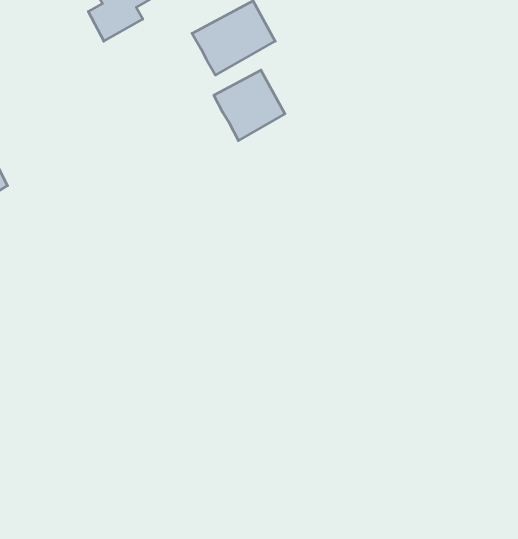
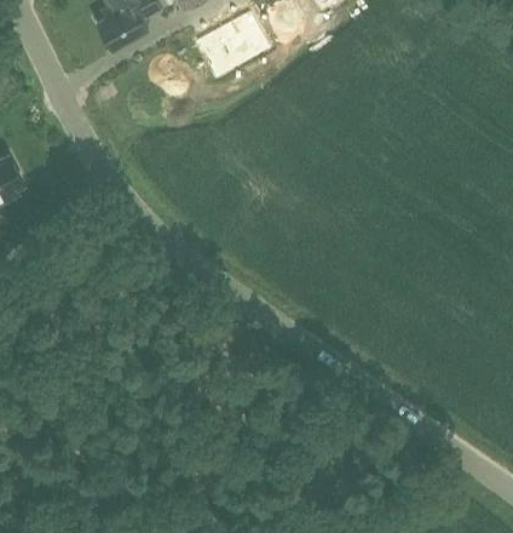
building: [214,70,285,141] -> none

